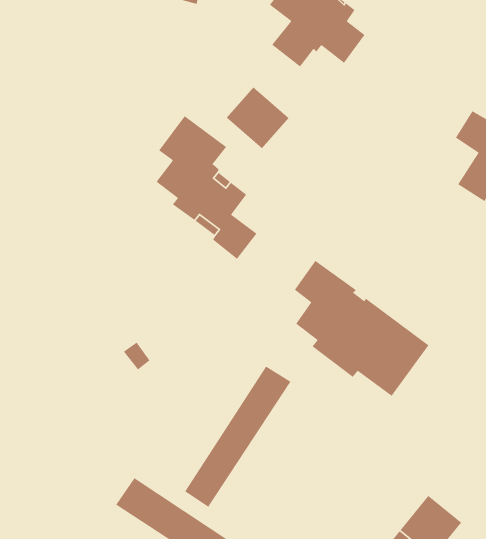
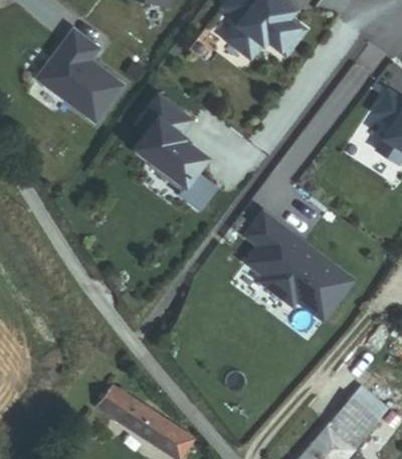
building: none -> [36,29,124,123]
building: [226,86,289,149] -> none
building: [184,366,291,508] -> none

